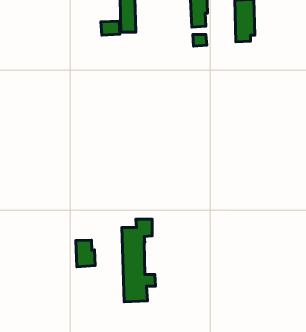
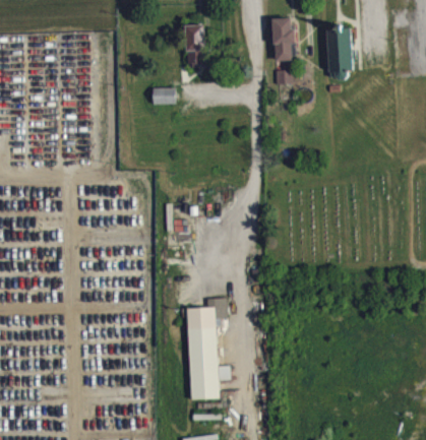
building: [101,21,120,35] -> [153,87,176,105]
building: [76,240,95,267] -> none

